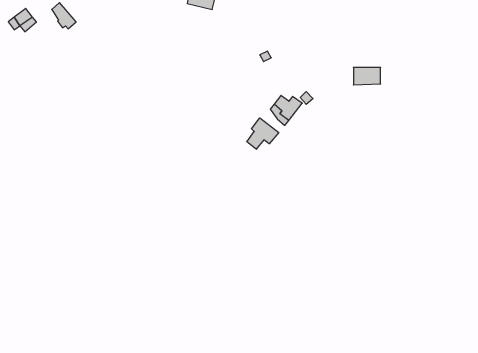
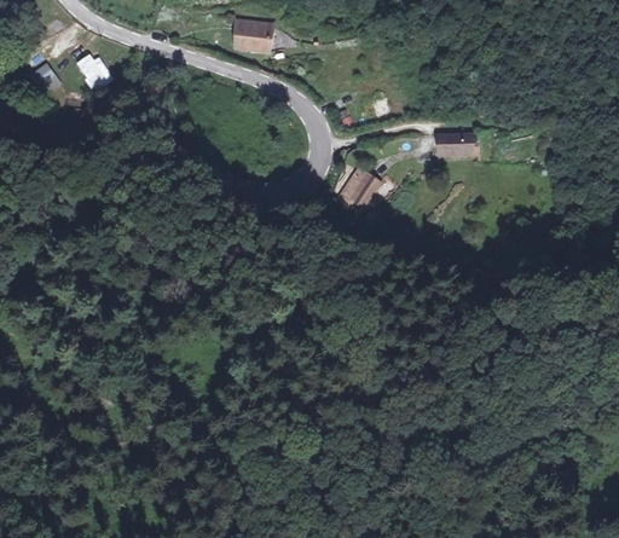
building: [247,118,279,149] -> none

